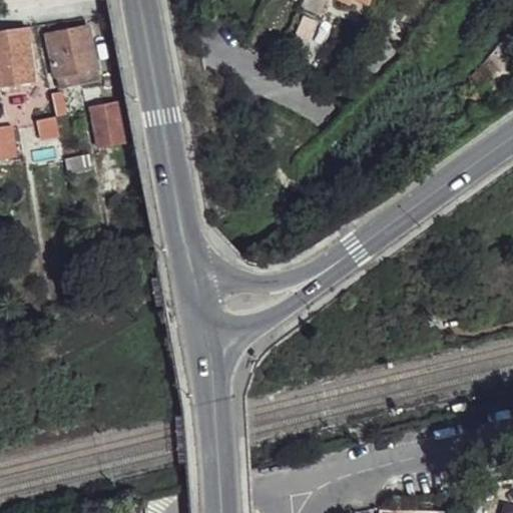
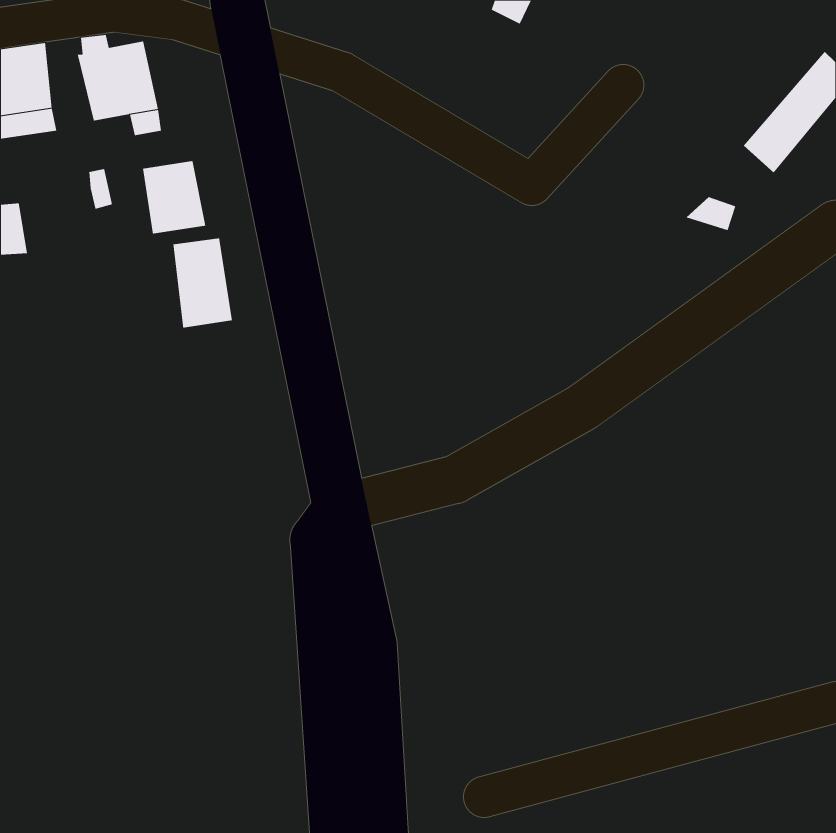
building: none -> [173,238,232,328]

